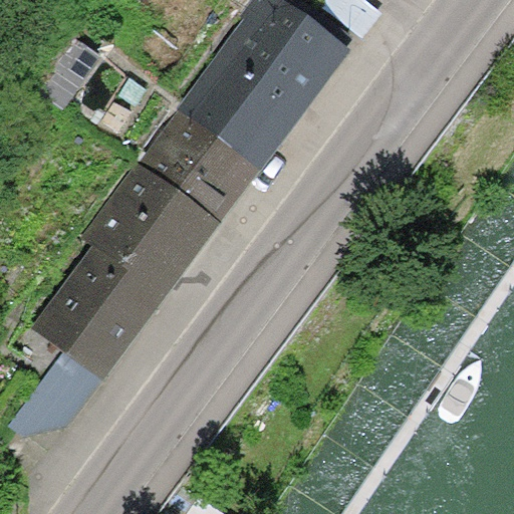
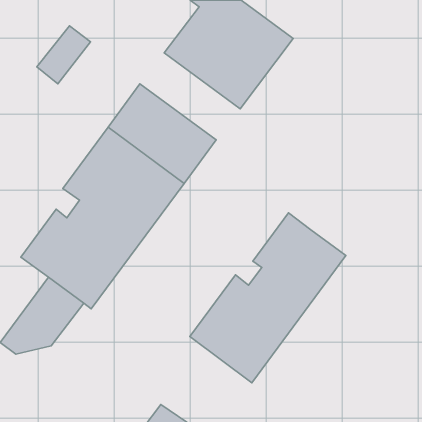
building: [168,70,288,175] -> none
building: none -> [190,213,346,383]

